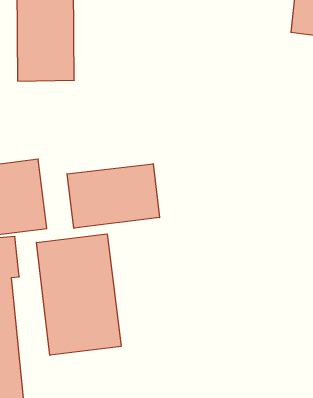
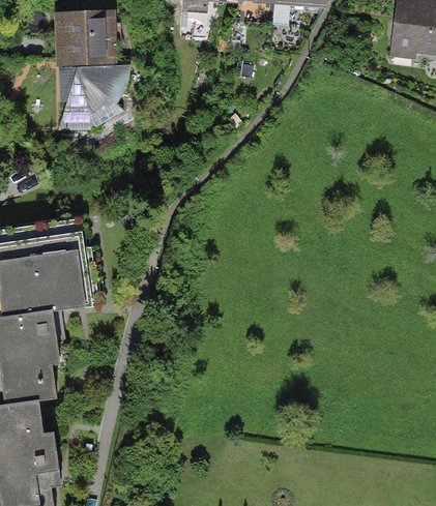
building: [67,164,160,228] -> none
building: [37,234,121,355] -> none

